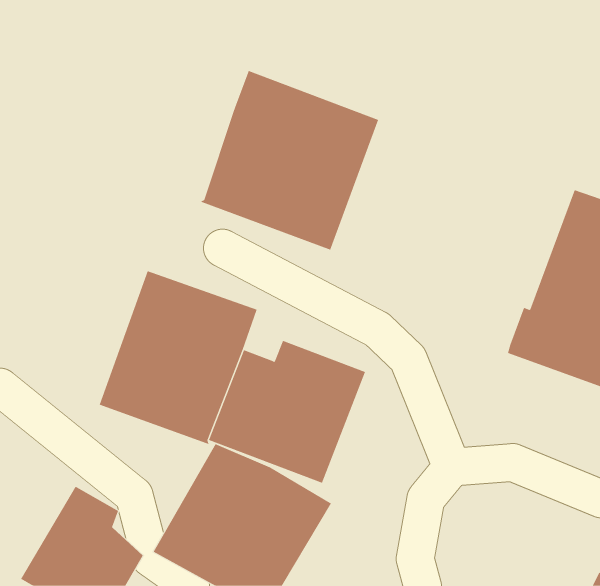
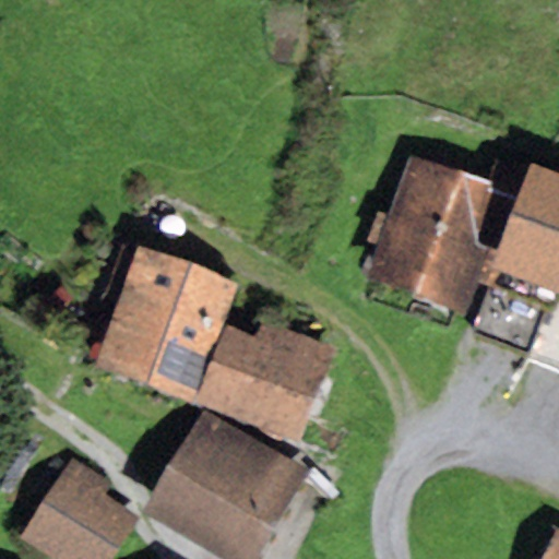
building: [199,70,379,250] -> none
building: none -> [366,153,534,320]

